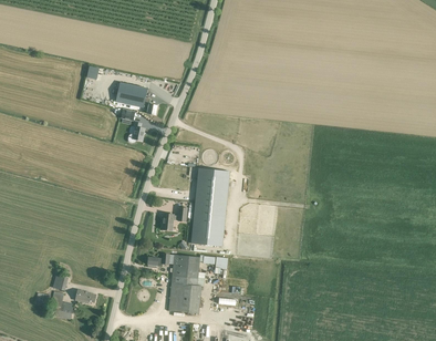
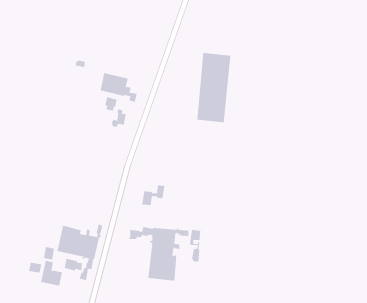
building: [191,168,230,247] -> [197,52,231,123]
building: none -> [57,224,103,281]

